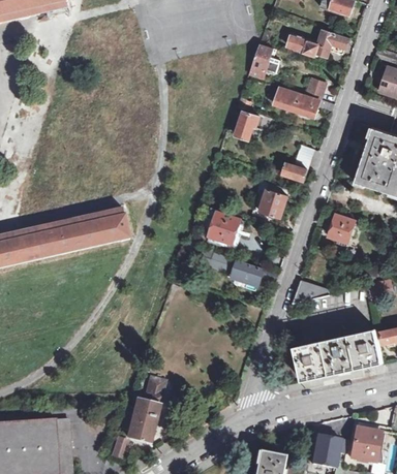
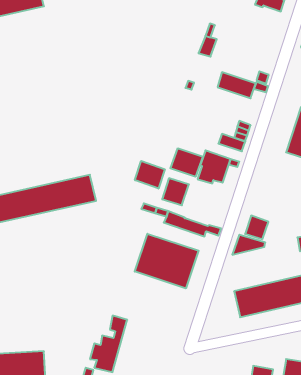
building: [287,29,348,56] -> none
building: [235,110,259,139] -> none
building: none -> [170,148,203,177]
building: none -> [135,161,165,189]
building: [328,215,356,243] -> [245,216,268,239]
building: none -> [135,234,199,288]

